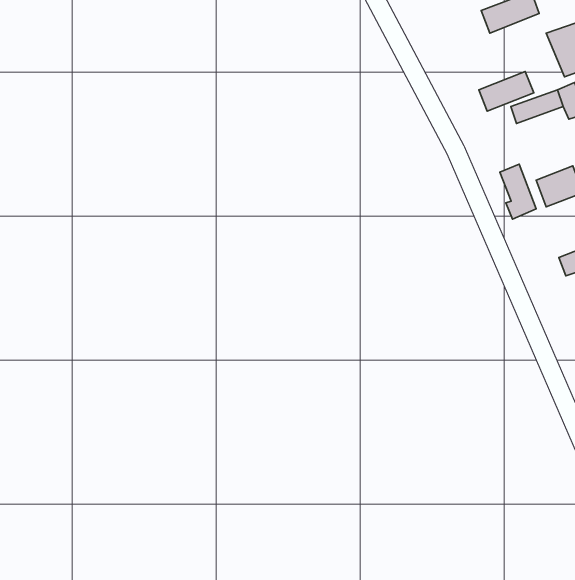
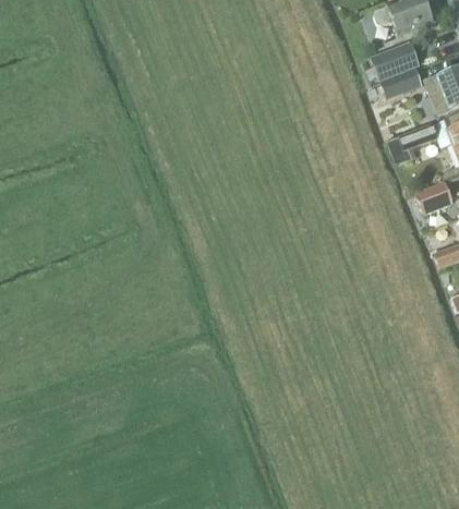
building: [479,72,534,111] -> [379,68,422,98]
building: [500,164,536,219] -> none

